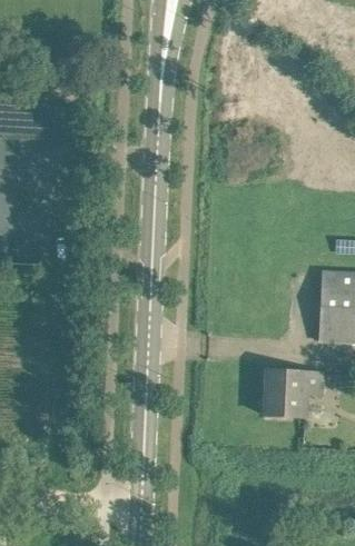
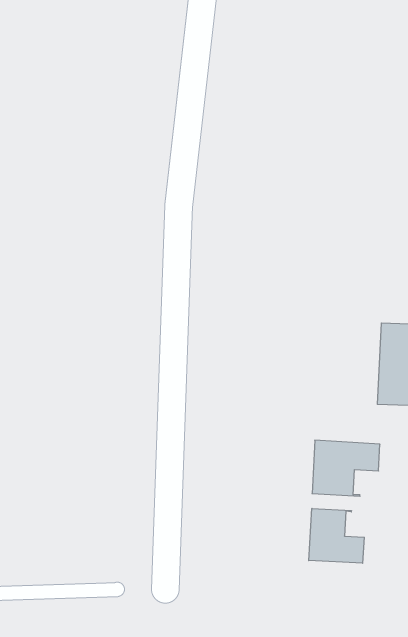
building: none -> [309,508,364,563]

